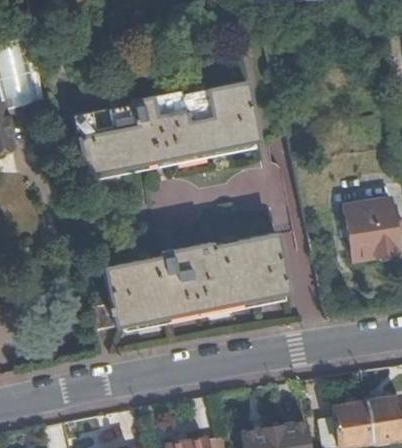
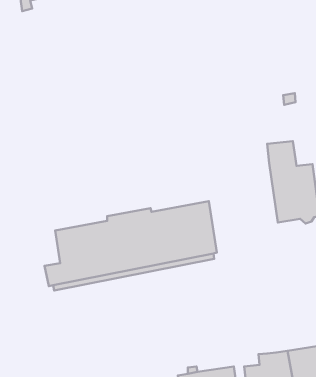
building: [76,81,261,173] -> none

